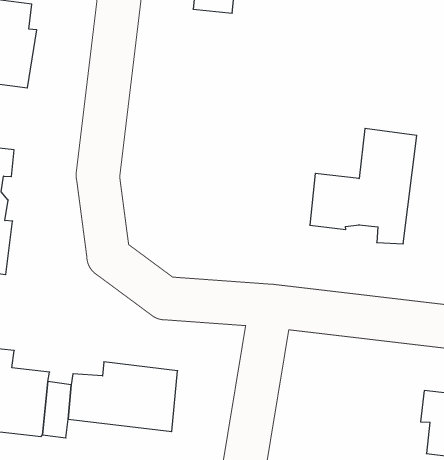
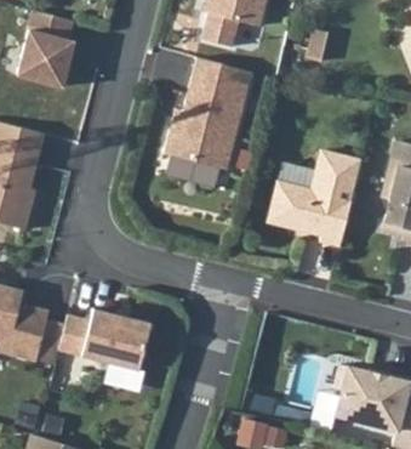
building: none -> [162,61,251,172]

